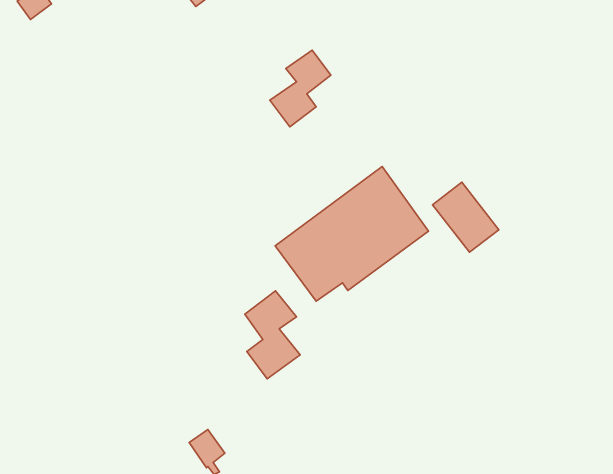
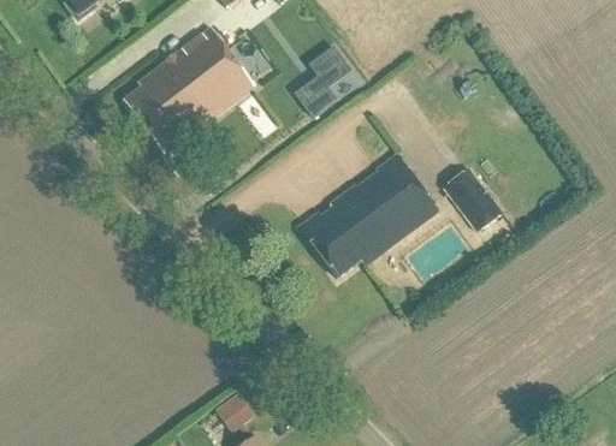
building: none -> [124,26,254,153]
building: [245,291,300,379] -> none

